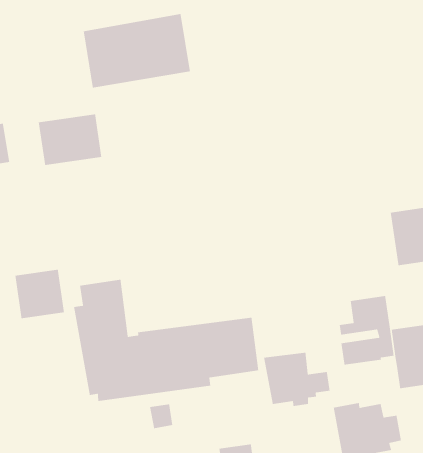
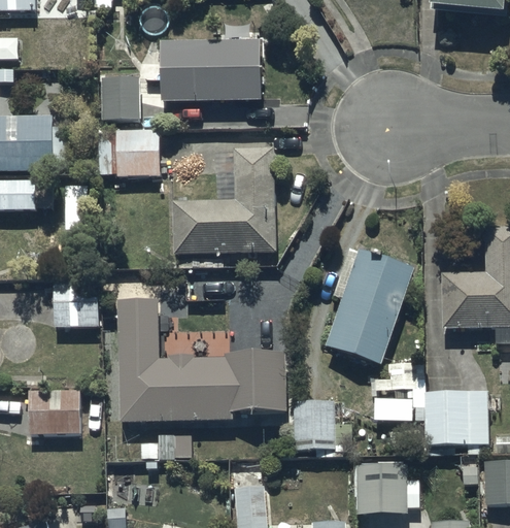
building: none -> [100,76,140,121]
building: none -> [173,147,275,255]
building: none -> [324,249,413,365]
building: none -> [28,389,90,433]

